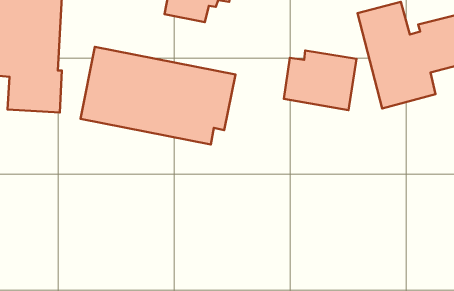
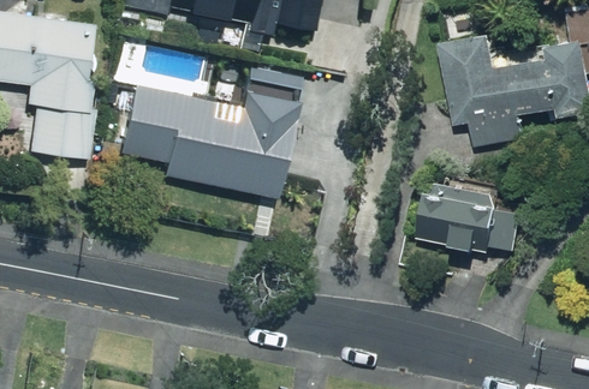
building: [284,51,357,110] -> [415,182,500,252]

